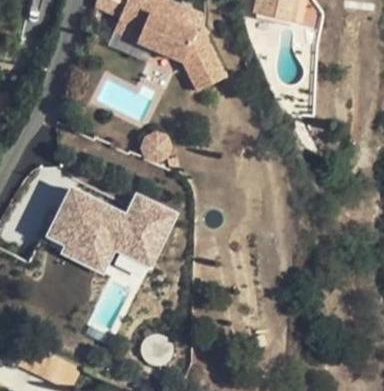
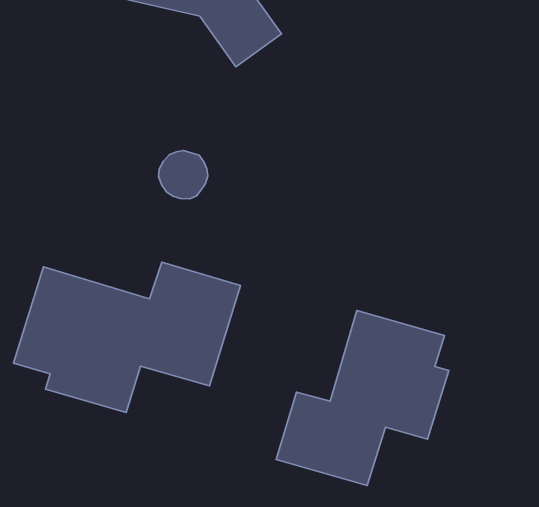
building: none -> [276,310,449,486]

